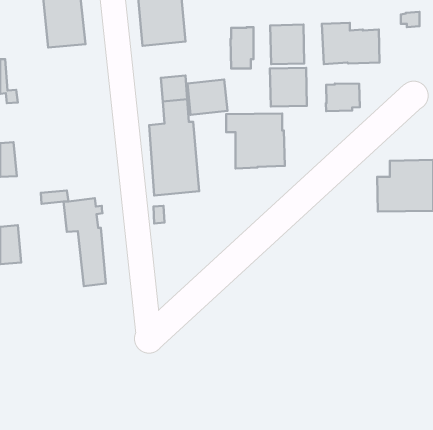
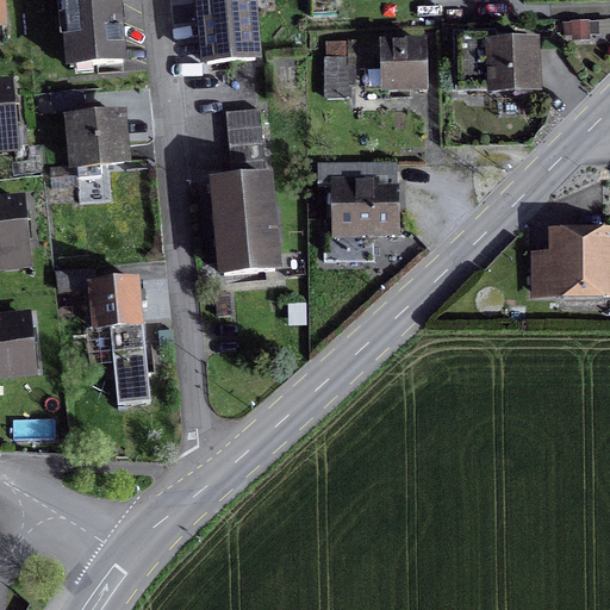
building: [270,68,307,106] -> none
building: none -> [69,107,122,175]
building: [187,80,227,115] -> none
building: [326,83,360,111] -> none

